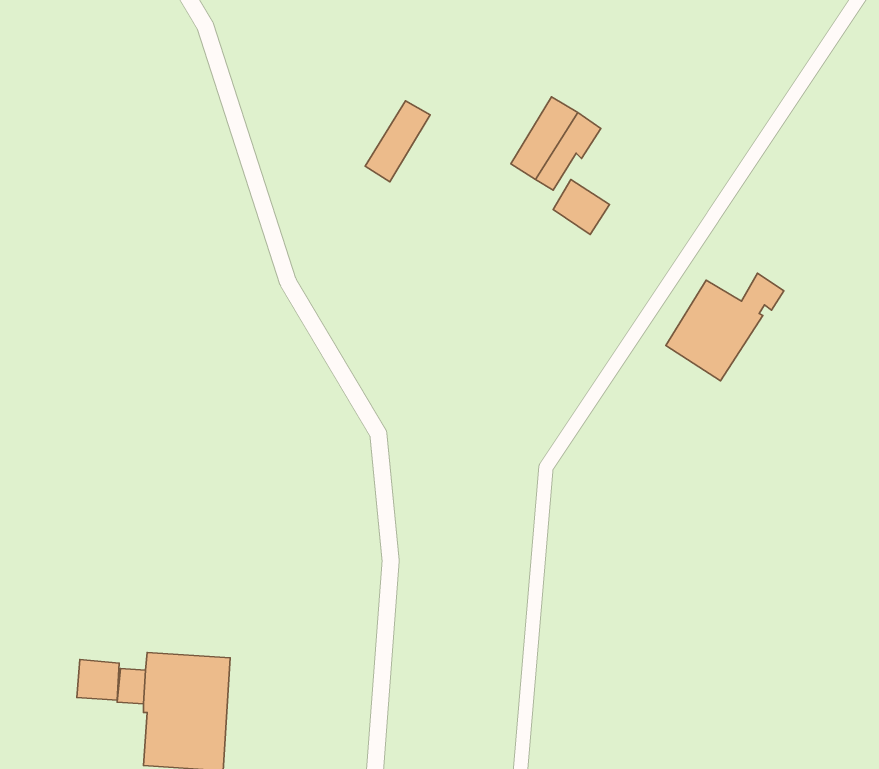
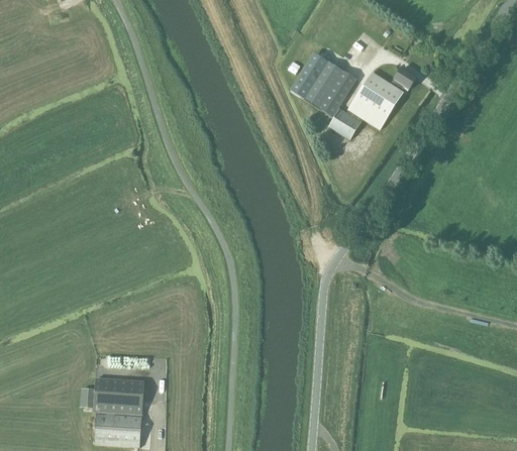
building: [365,101,430,182] -> [291,51,328,98]
building: [666,273,784,381] -> [348,67,416,128]
building: [77,659,119,700] -> none

